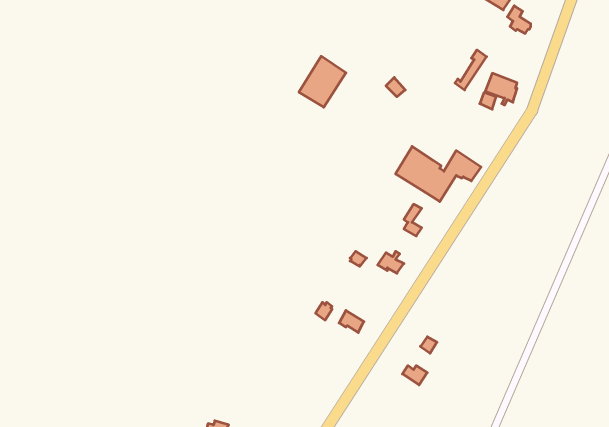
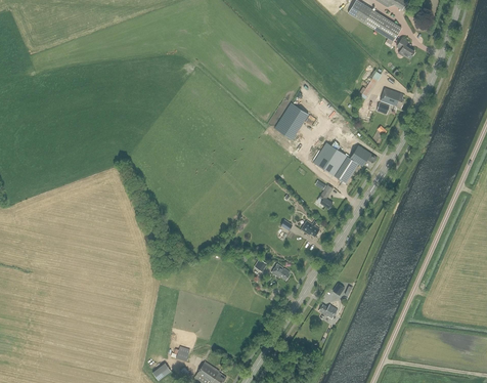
building: [299,56,346,107] -> [274,101,309,139]

